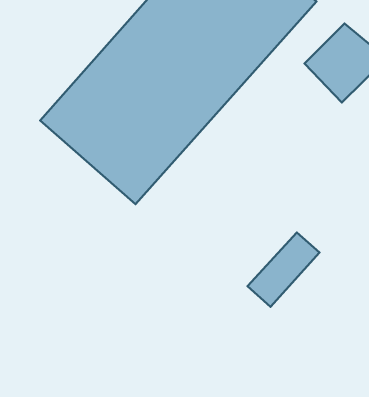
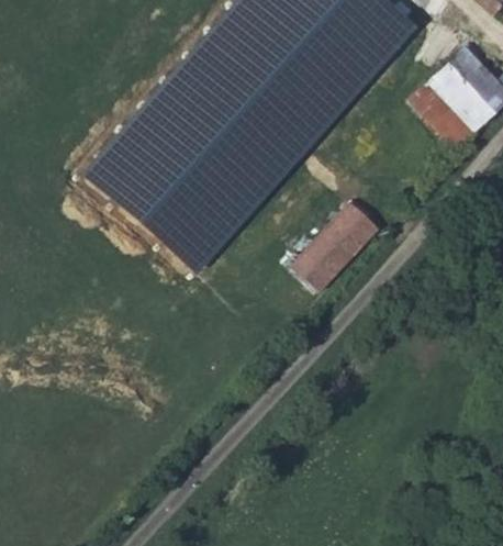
building: [248,232,319,307] -> [292,199,379,289]

